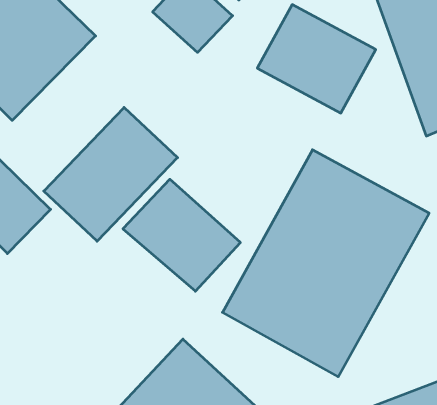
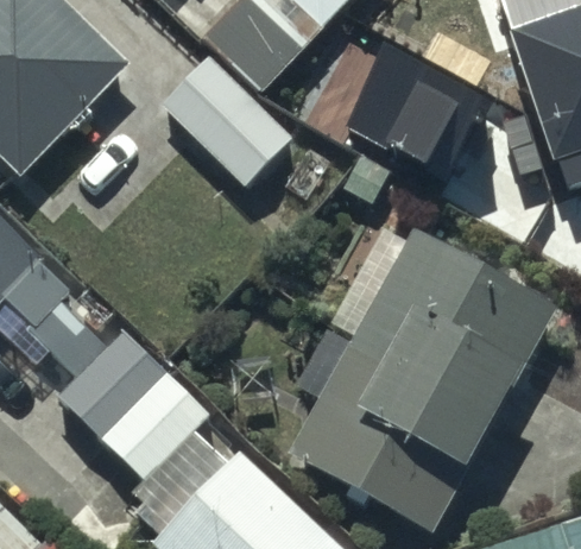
building: none -> [159,57,296,191]
building: [44,107,178,241] -> none
building: [123,179,240,291] -> [59,336,211,481]

